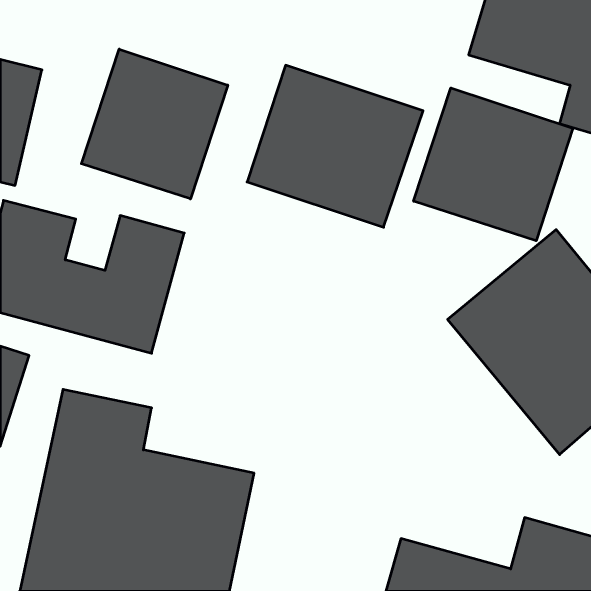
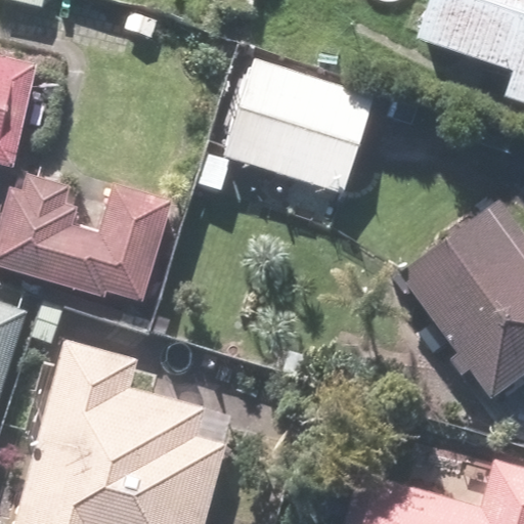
building: [81,49,228,199] -> none
building: [414,88,573,241] -> none

